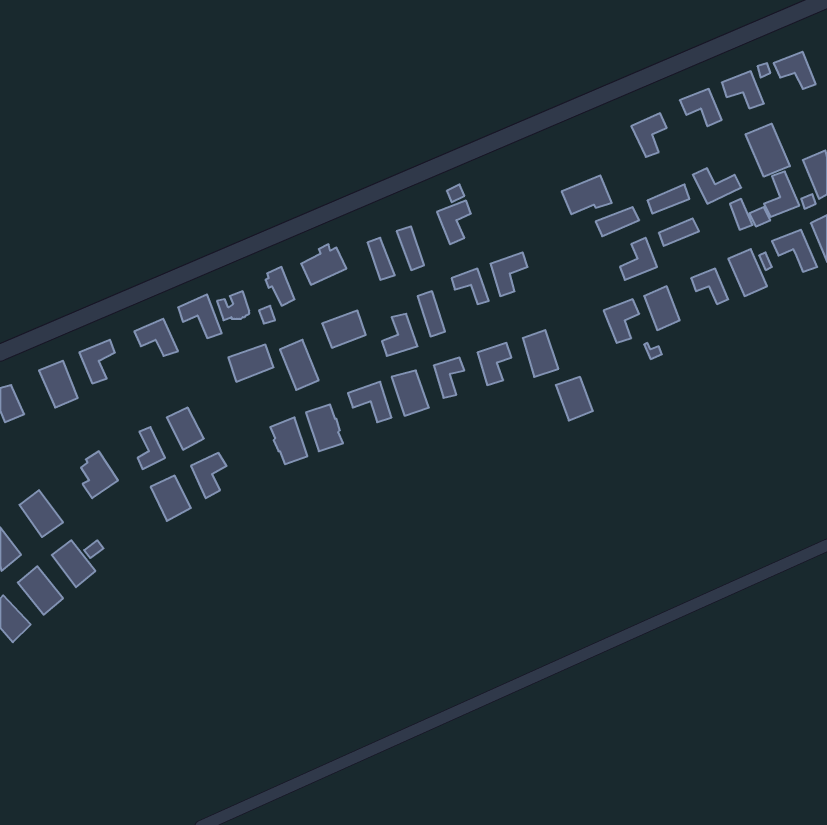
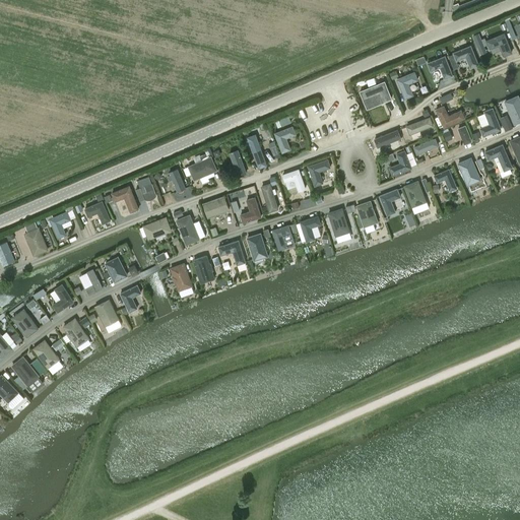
building: [746,124,790,177] -> none
building: [562,175,612,214] -> [361,81,392,106]
building: [556,377,593,421] -> [355,201,379,229]
building: none -> [63,318,89,348]

